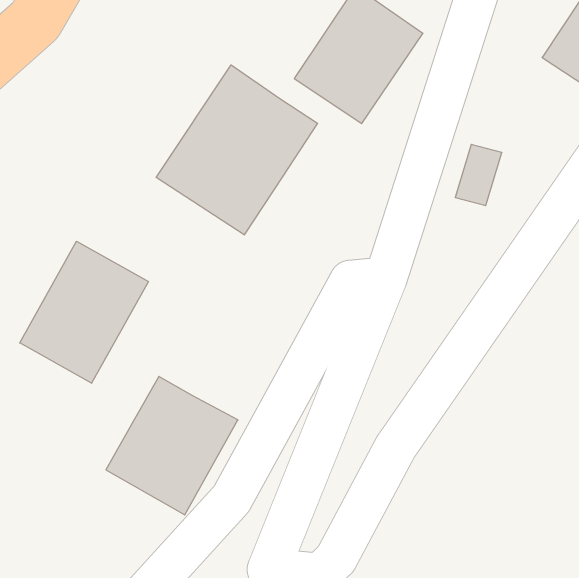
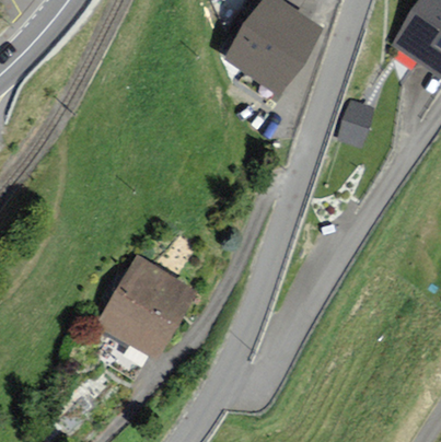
building: [156,65,318,235] -> none
building: [20,241,148,383] -> none

